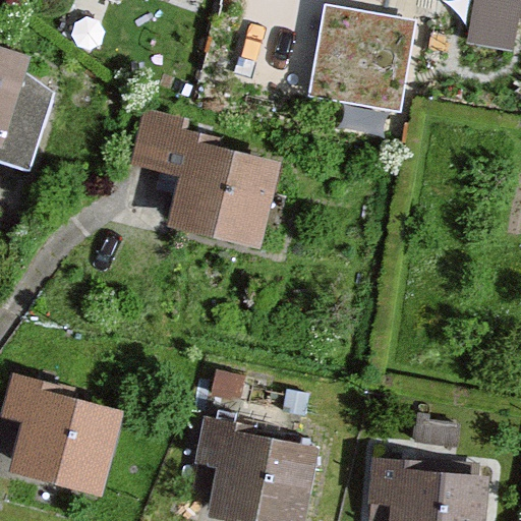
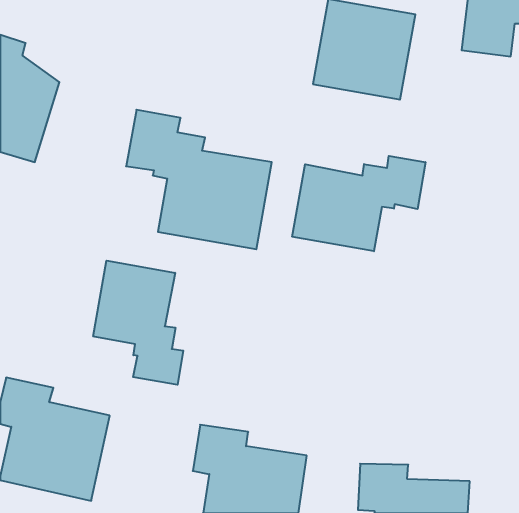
building: none -> [292,156,425,251]
building: none -> [93,261,183,385]

